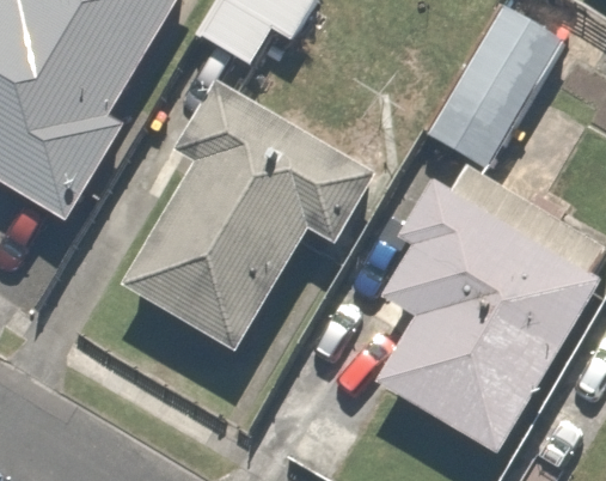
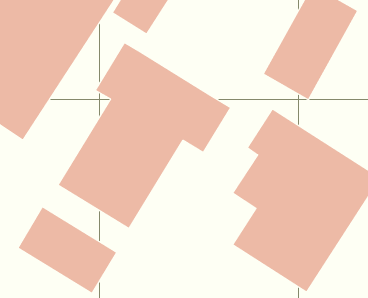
building: none -> [18,207,117,294]

